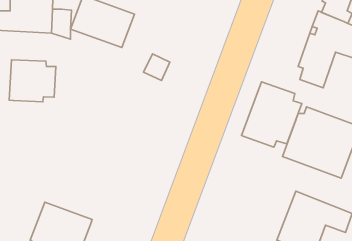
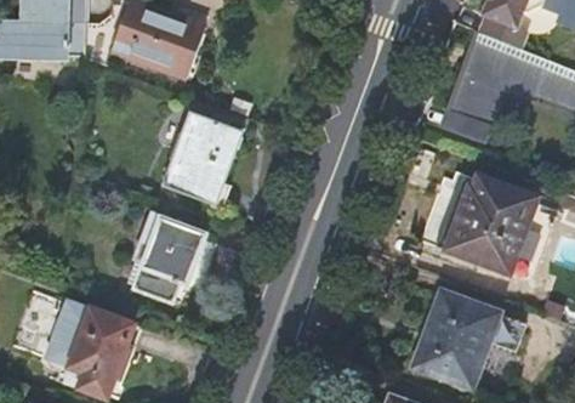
building: [9,60,56,102] -> none
building: none -> [163,113,243,206]
building: [242,82,302,147] -> none
building: none -> [131,211,216,305]

